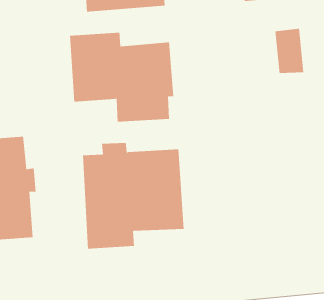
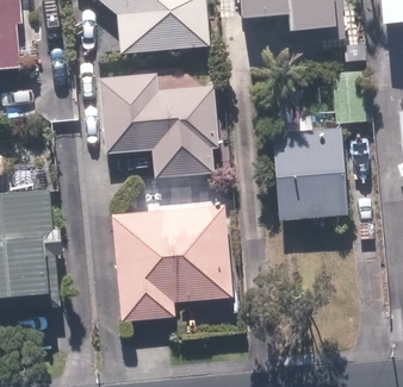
building: none -> [274,129,348,219]

